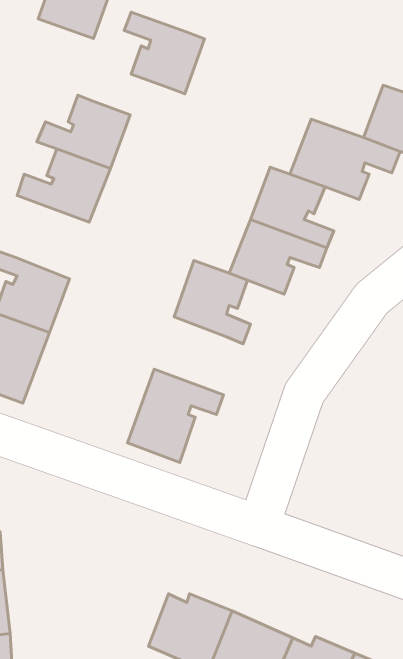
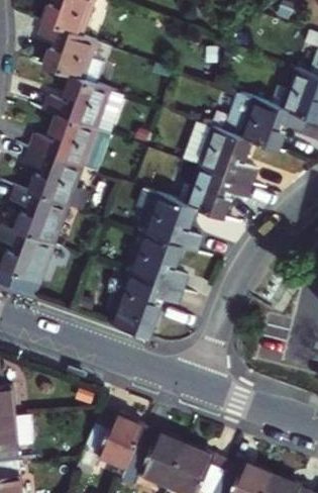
building: [124,12,205,94] -> [37,21,95,80]
building: none -> [22,147,79,207]
building: none -> [125,234,180,290]
building: none -> [80,414,138,470]

